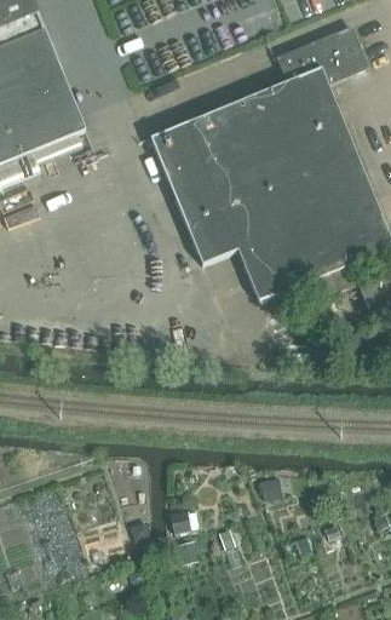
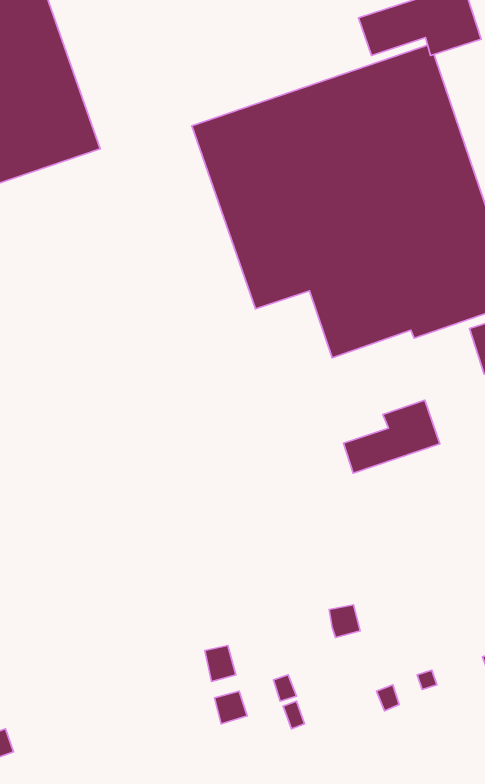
building: none -> [344,400,440,473]

